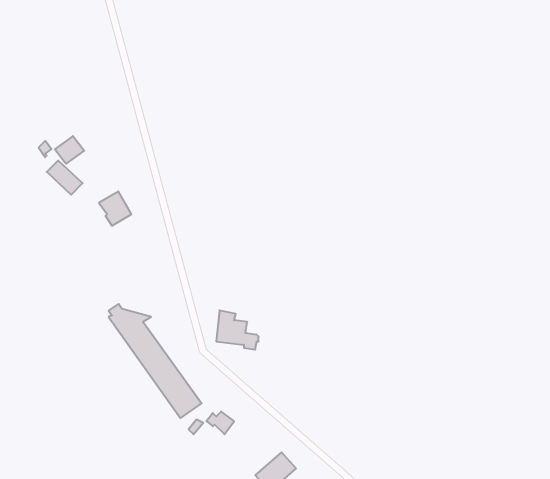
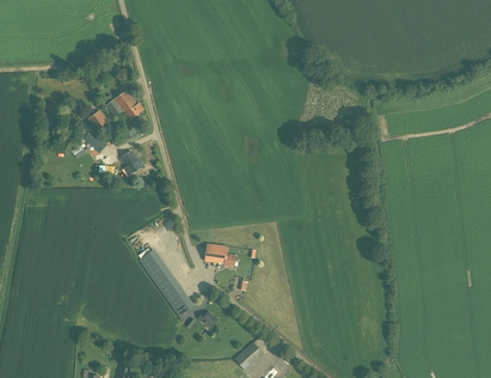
building: none -> [106,90,145,121]

